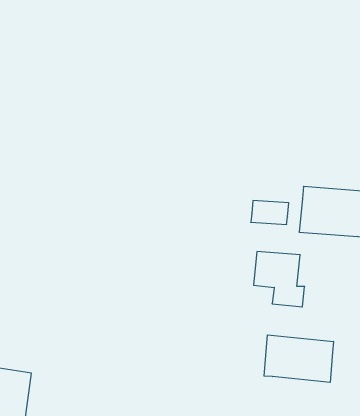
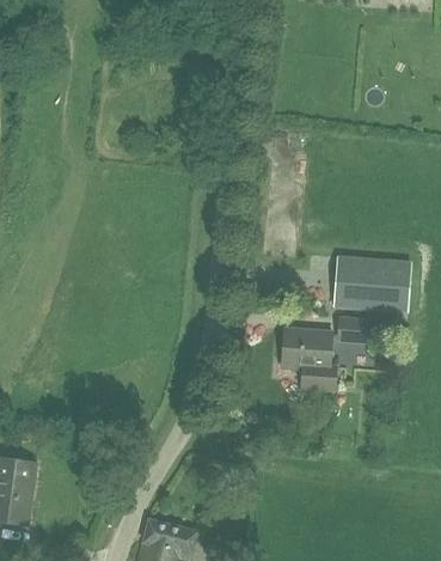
building: [251,201,289,224] -> [336,317,378,343]
building: [264,335,333,382] -> none

